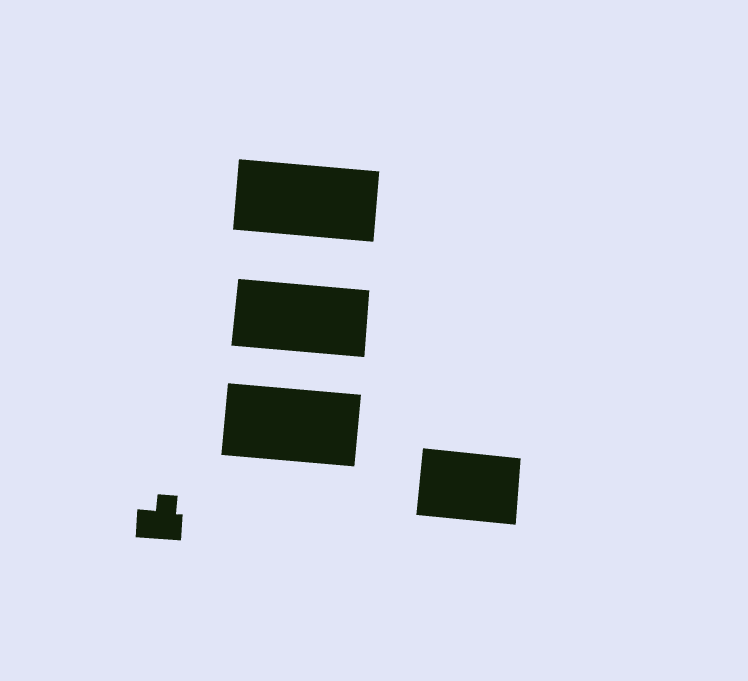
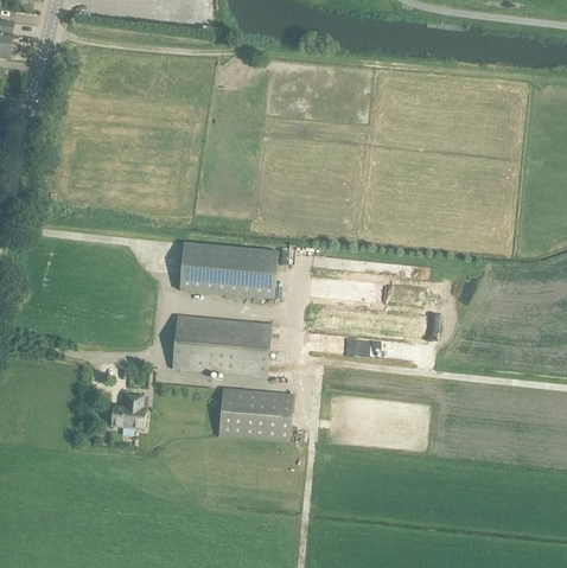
building: [233,159,380,243] -> none
building: [416,448,521,525] -> [217,385,292,440]

